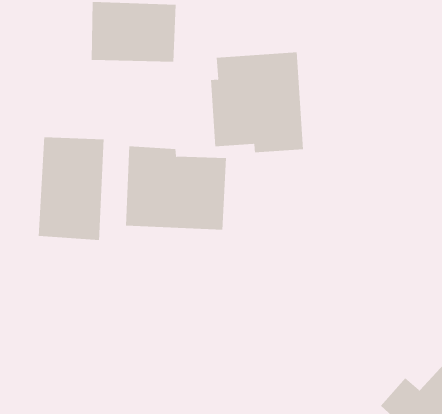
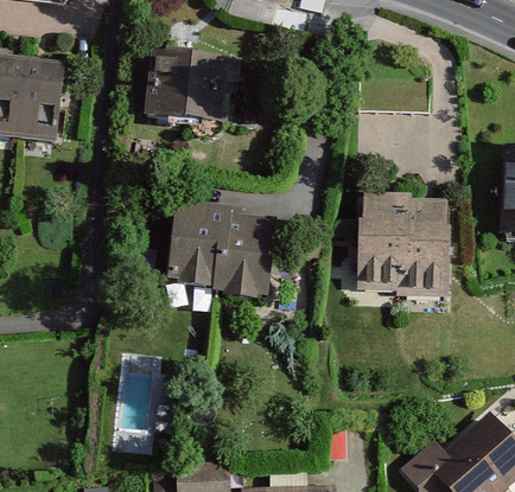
building: [210,52,304,153] -> [358,199,445,294]
building: [38,136,104,241] -> none

